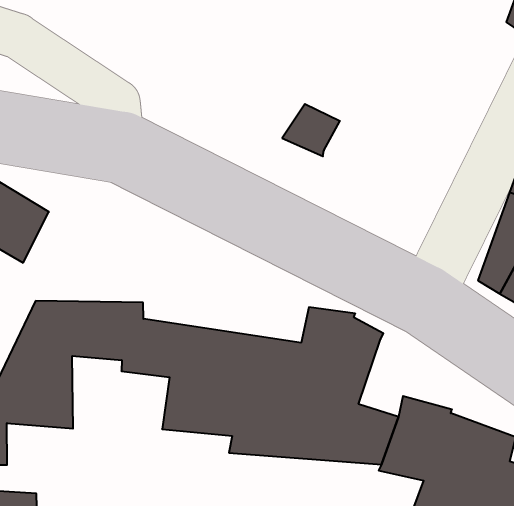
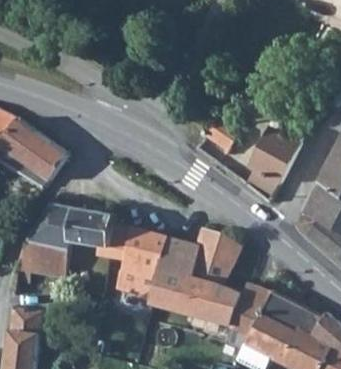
building: none -> [243,122,304,199]

